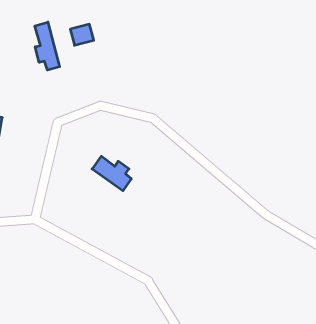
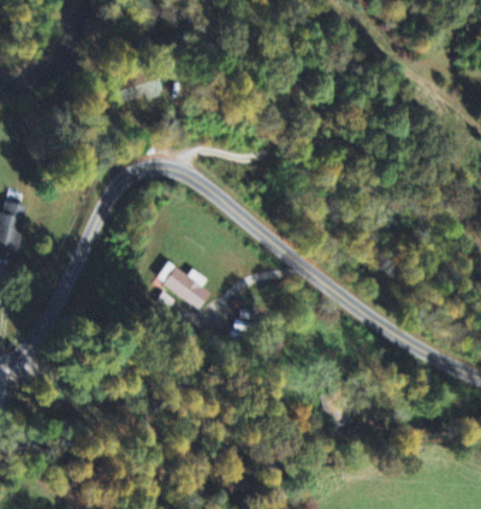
building: [35,22,60,70] -> none

